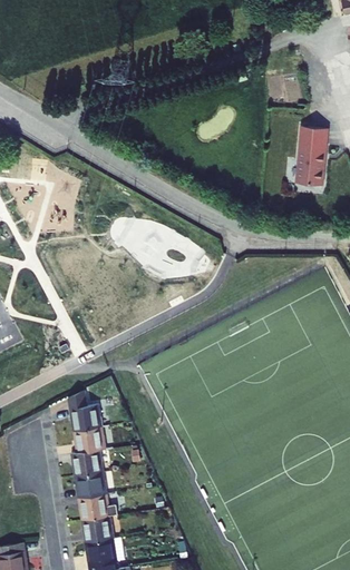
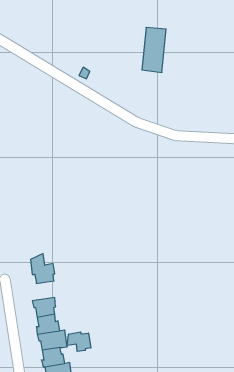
building: [295,126,328,186] -> [142,27,166,72]
building: [75,428,105,453] -> none
building: none -> [67,332,91,351]

